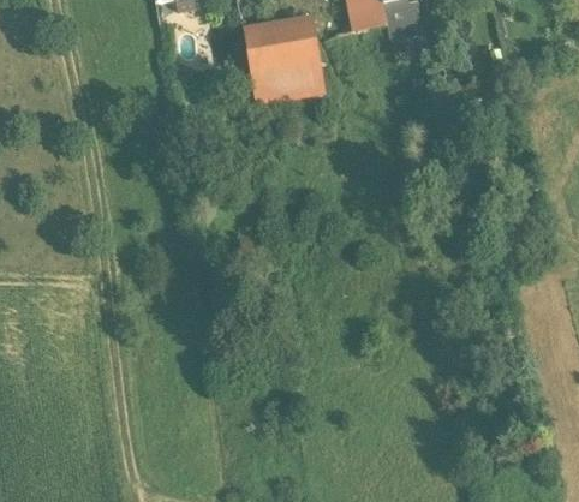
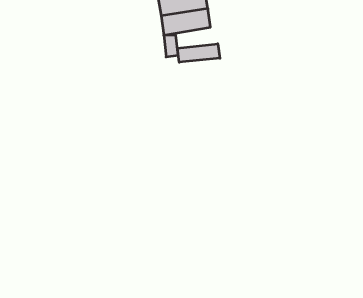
building: none -> [177,44,220,62]

